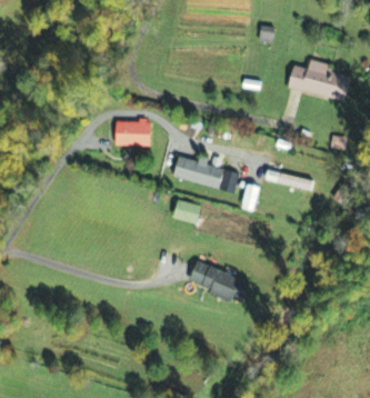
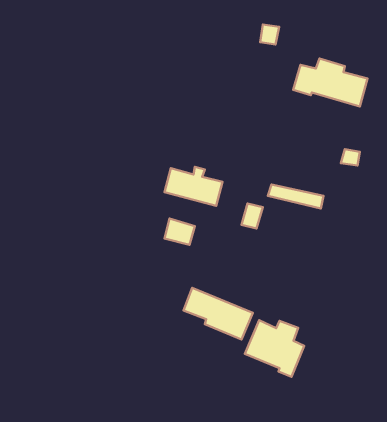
building: [114,117,150,146] -> none
building: none -> [245,320,304,377]

